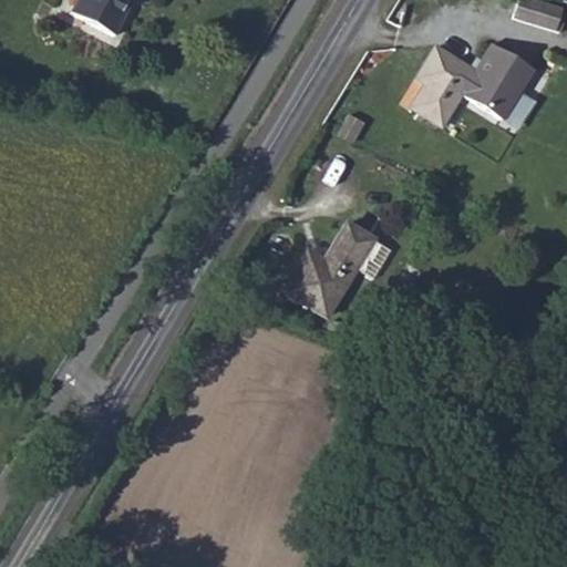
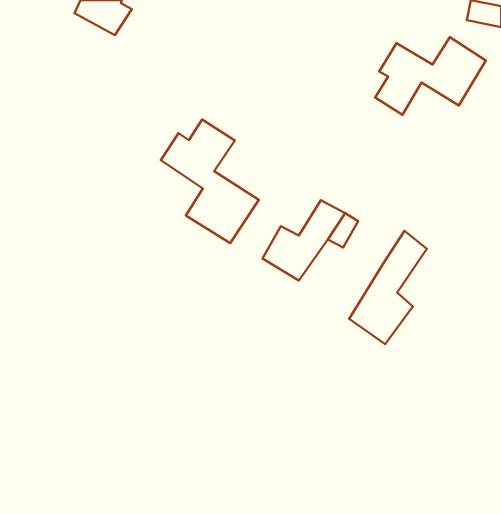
building: none -> [161,120,259,243]
building: none -> [349,231,427,344]

